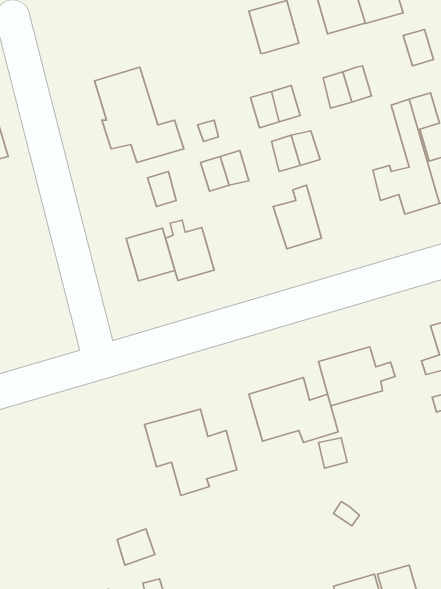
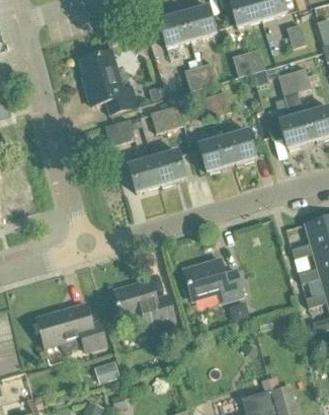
building: none -> [157,12,190,48]
building: none -> [221,127,255,164]
building: [126,228,175,281] -> [151,150,183,186]
building: [318,347,395,406] -> none
building: none -> [35,303,106,352]

